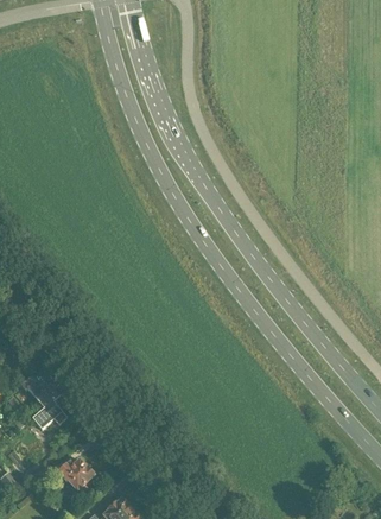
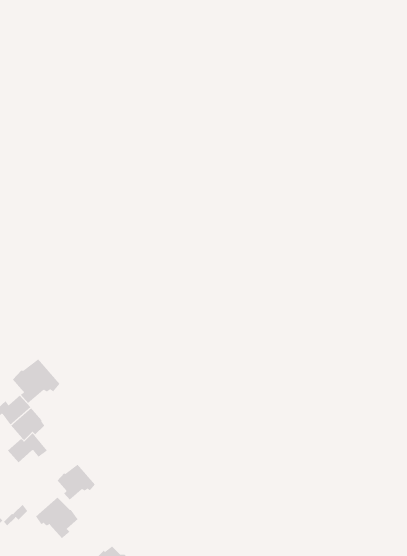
building: none -> [12,358,60,404]
building: none -> [57,464,96,500]

